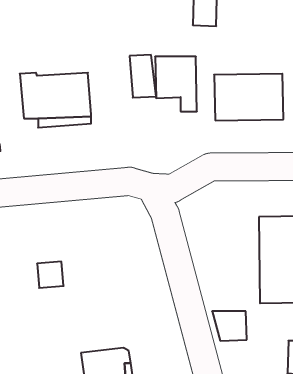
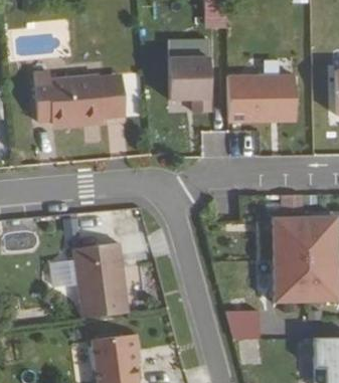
building: [130,55,156,98] -> [102,71,128,114]
building: none -> [79,256,133,328]

